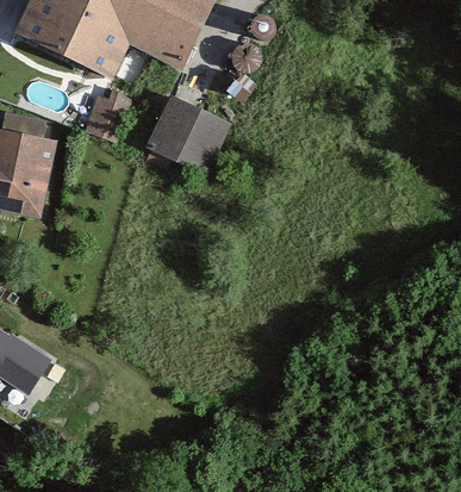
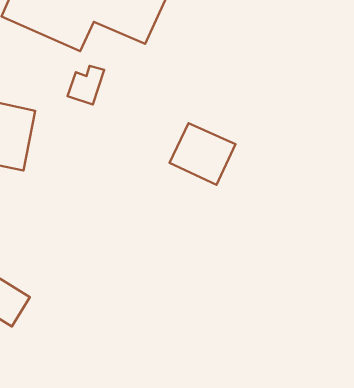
building: [152,98,228,168] -> [170,123,236,185]

